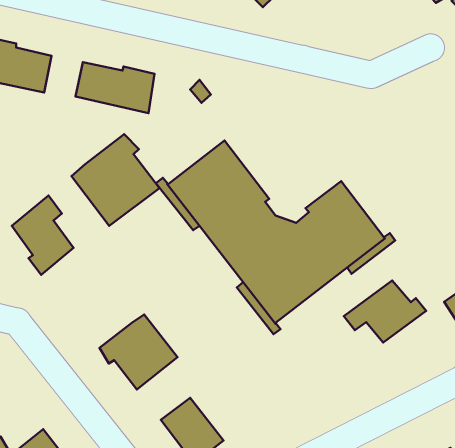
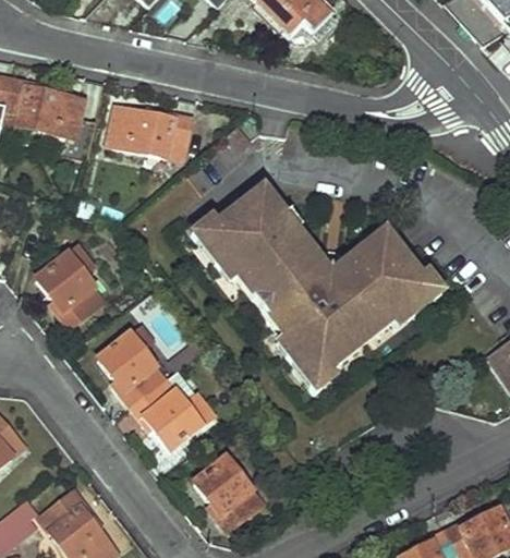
building: [72,134,159,226] -> none
building: none -> [101,333,166,404]
building: [344,281,426,343] -> none

